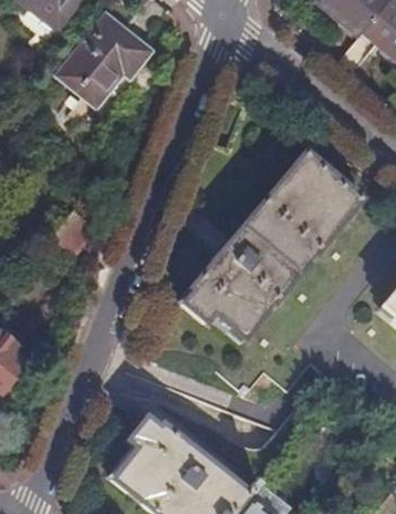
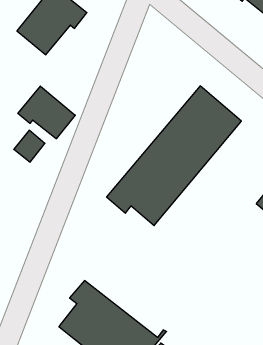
building: none -> [18,86,75,139]

